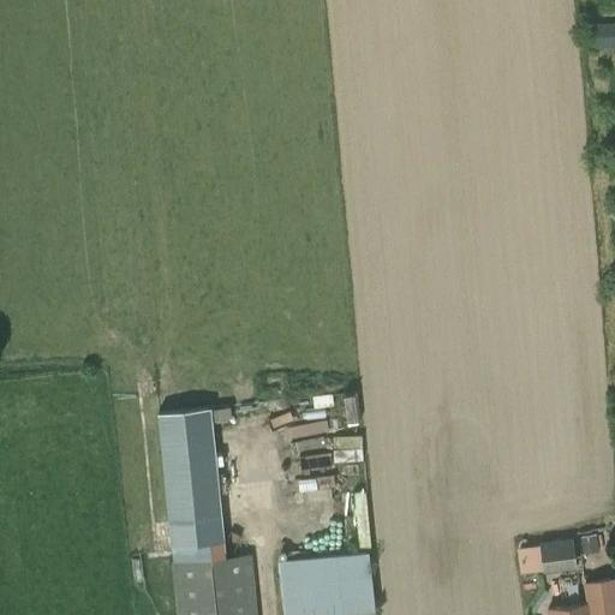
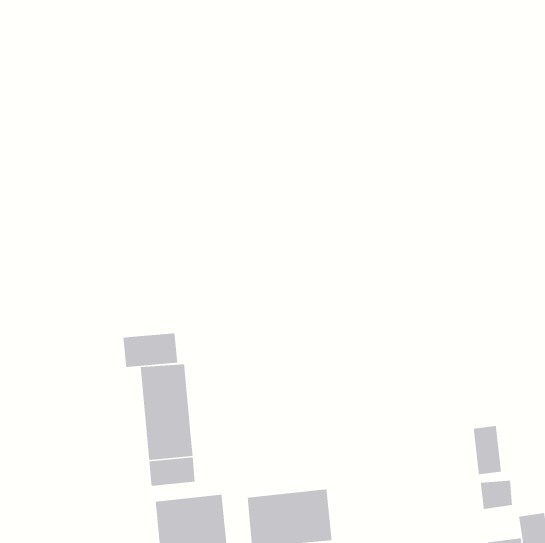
building: none -> [122,332,178,368]
building: none -> [473,425,502,475]

